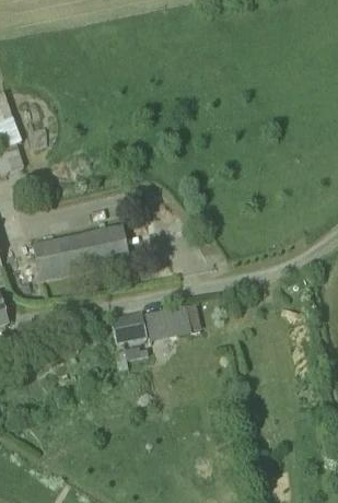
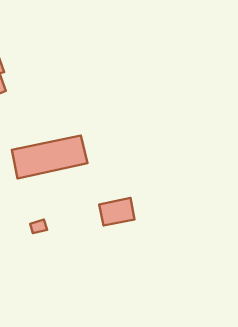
building: [110,312,147,342] -> none

